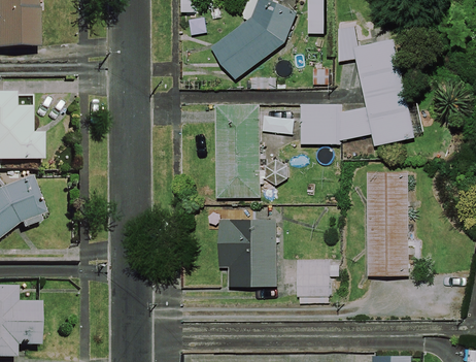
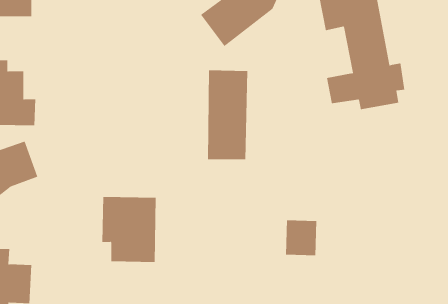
building: [298,101,340,143] -> none
building: [369,172,411,274] -> none
building: [222,218,278,286] -> [101,196,156,262]

